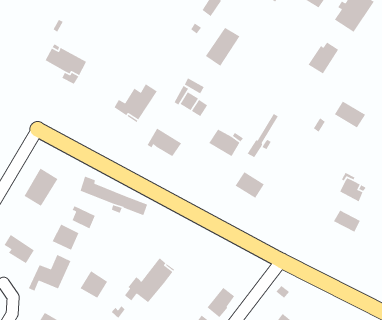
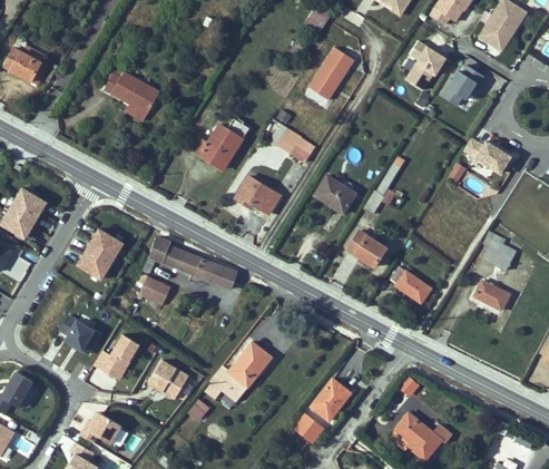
building: none -> [405,41,452,92]
building: none -> [391,266,431,303]
building: [52,224,80,251] -> none

